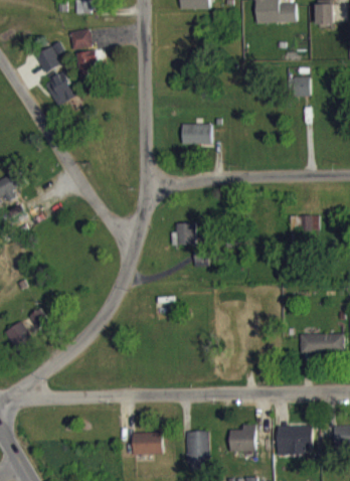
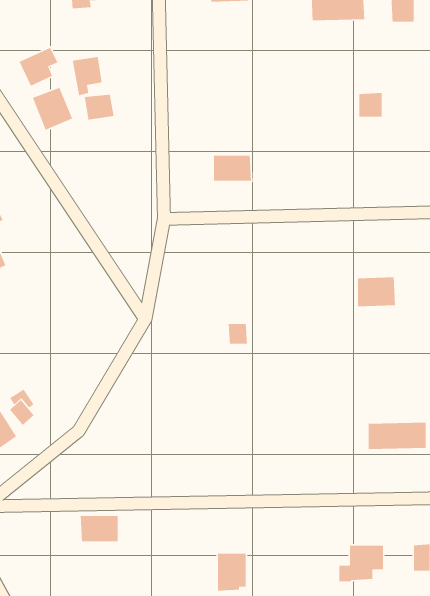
building: [70,36,94,56] -> [84,94,115,120]
building: [172,229,197,252] -> none
building: [229,423,255,449] -> none
building: [132,432,161,452] -> [80,515,118,542]

